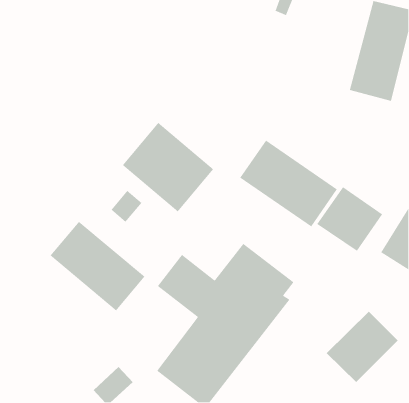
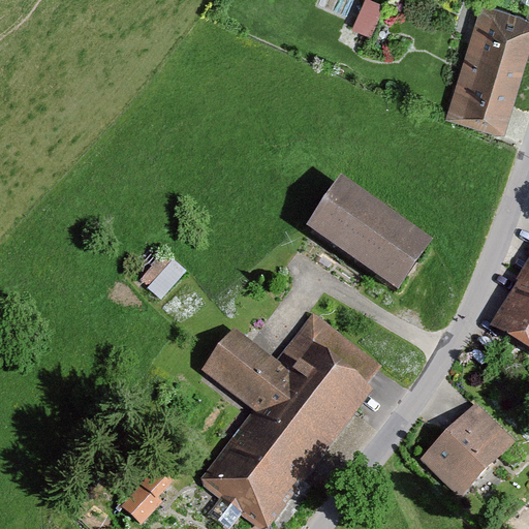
building: [122,122,214,212] -> none
building: [316,186,383,252] -> none
building: [50,221,145,311] -> none

